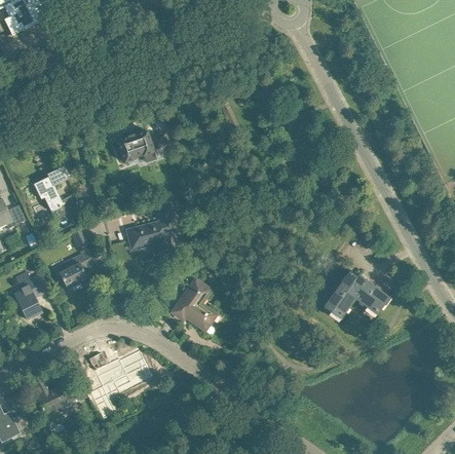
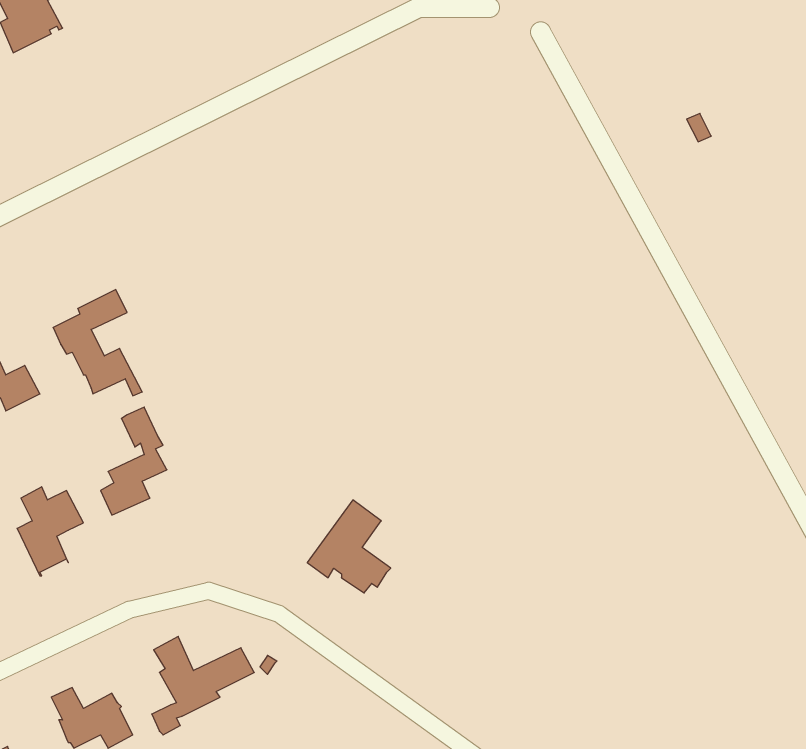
building: [116,131,168,163] -> none
building: [125,204,176,257] -> none
building: [323,271,388,318] -> none

